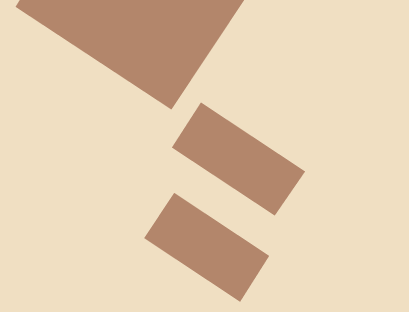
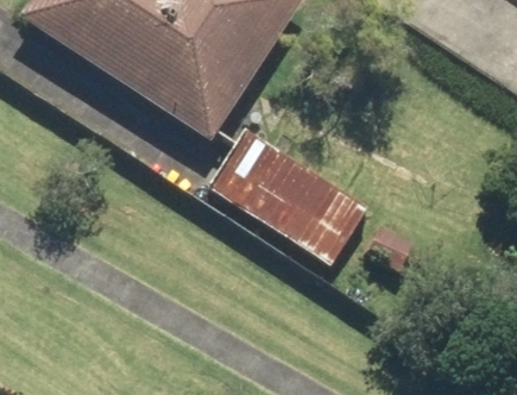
building: [143,192,270,303] -> none

